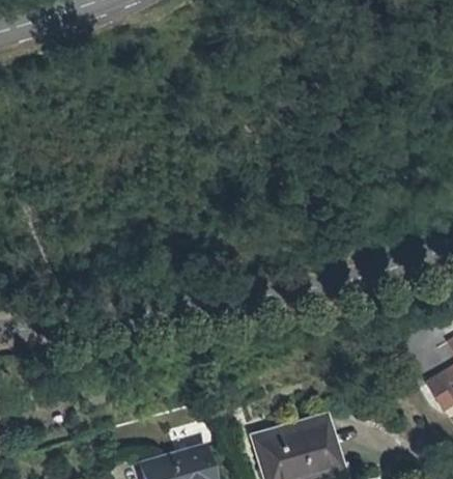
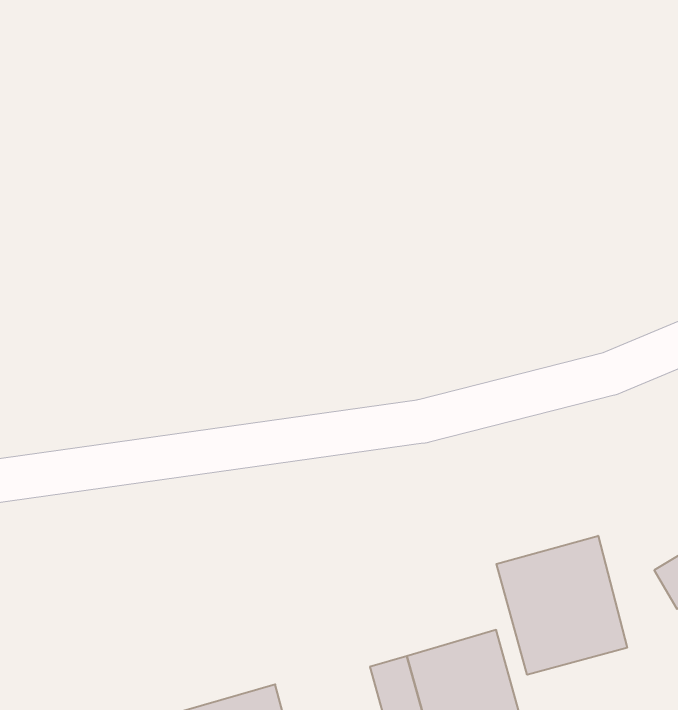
building: none -> [496,536,627,675]

